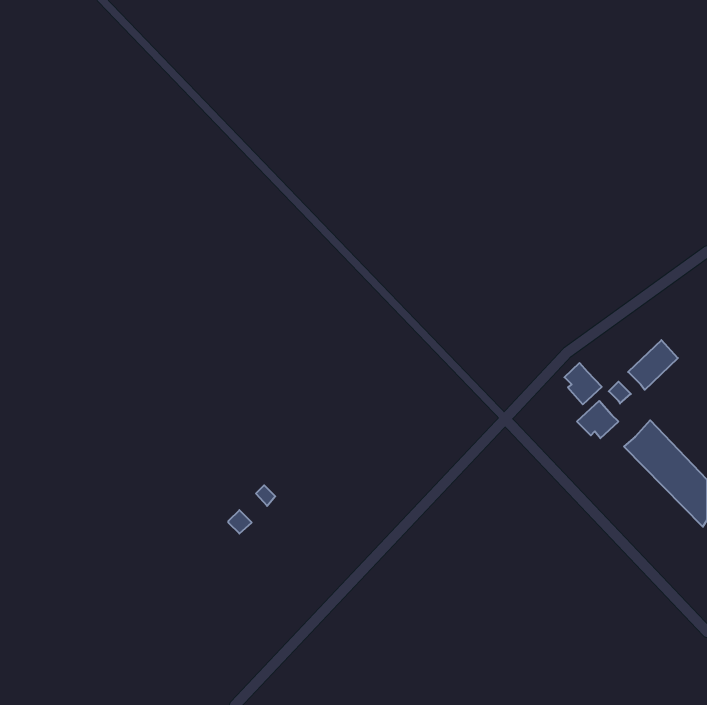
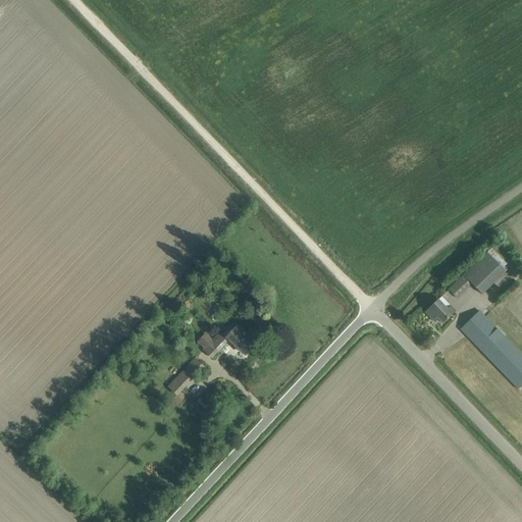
building: [564,363,602,404] -> none
building: none -> [198,325,256,356]

